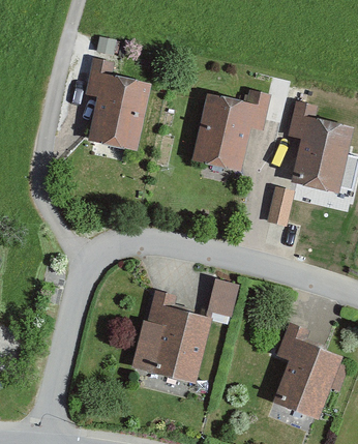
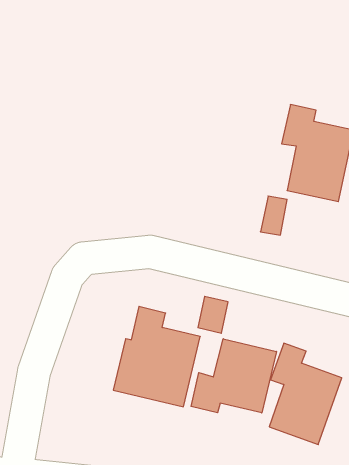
building: [85,60,151,150] -> none
building: [196,91,270,171] -> none
building: none -> [191,339,276,413]

